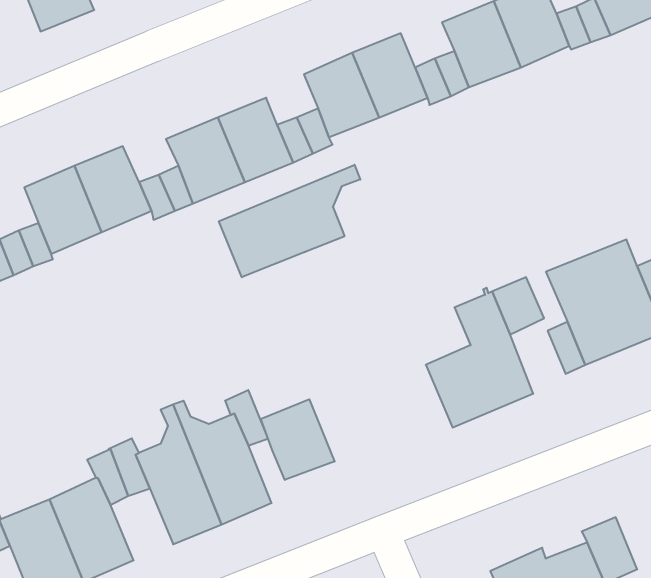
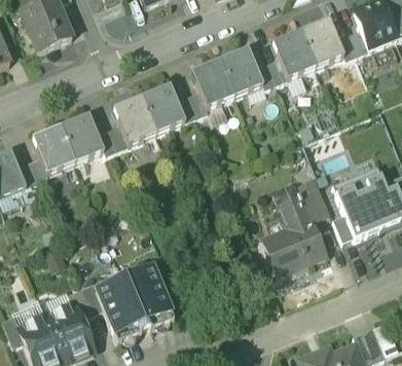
building: [219,165,360,277] -> none
building: [261,399,335,480] -> none

